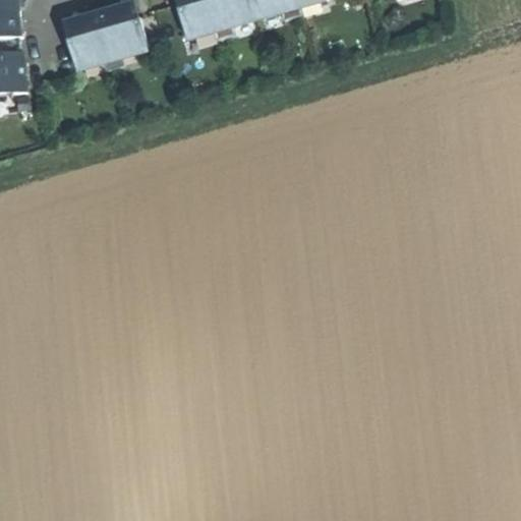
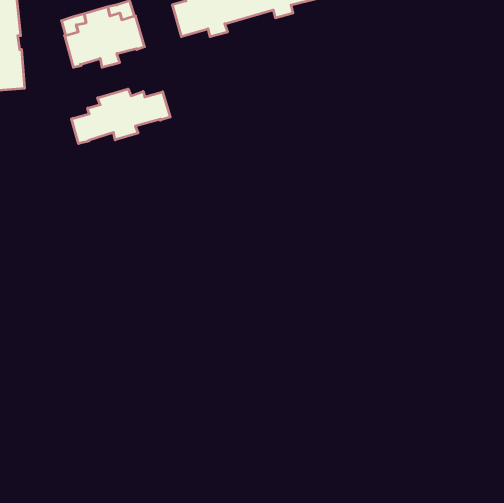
building: none -> [71,89,170,144]

